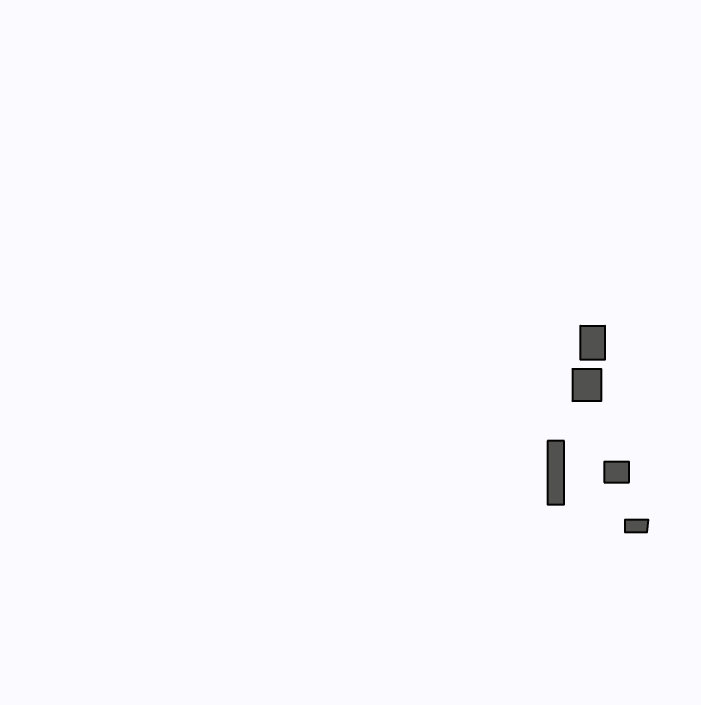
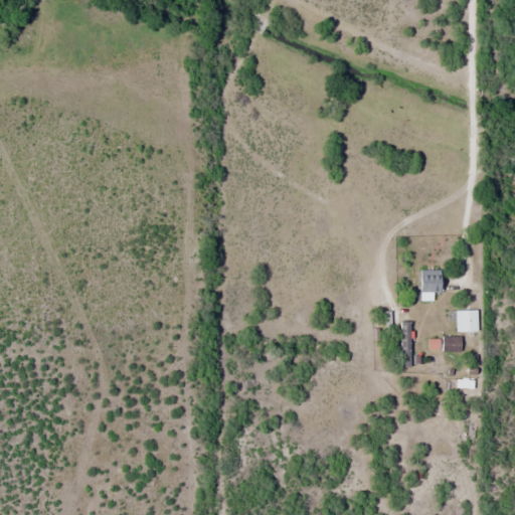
building: [580,326,605,360] -> none
building: none -> [459,310,479,331]

